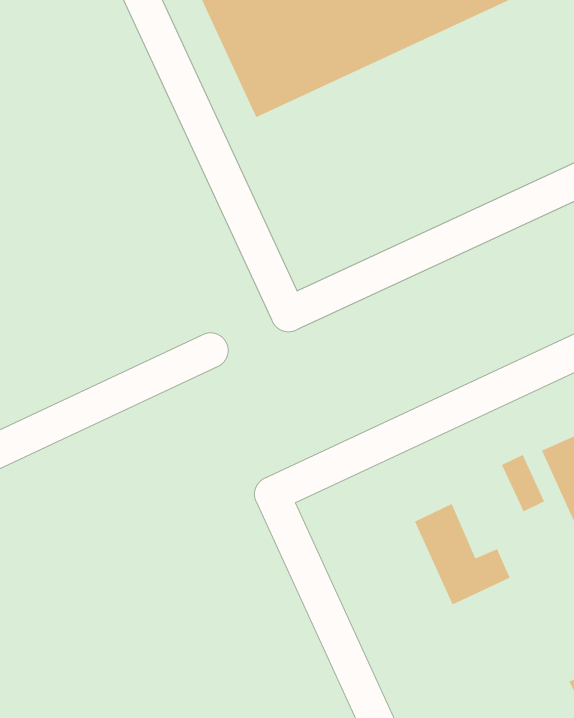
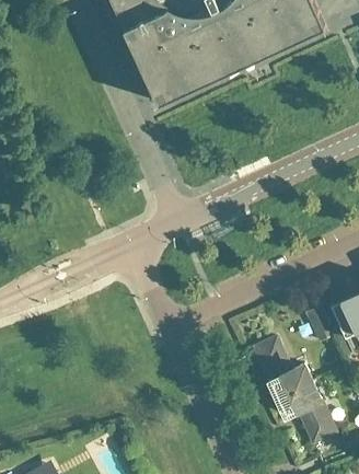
building: none -> [277,382,335,443]

